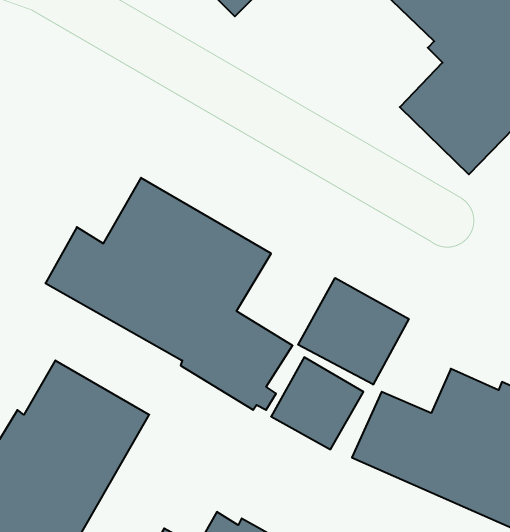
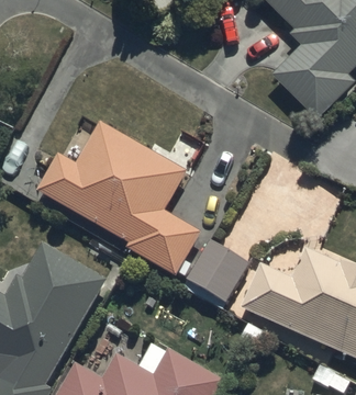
building: [298,278,409,385] -> none

